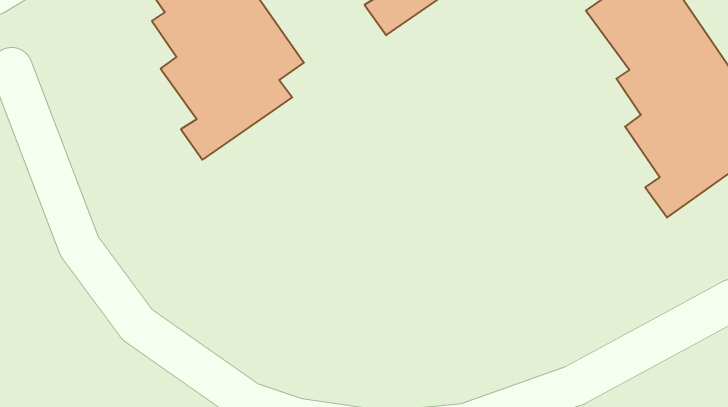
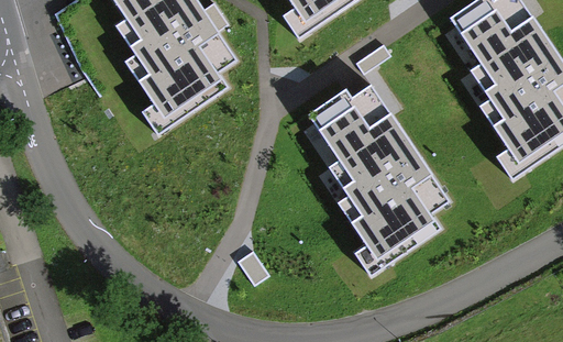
building: none -> [308,80,445,268]

